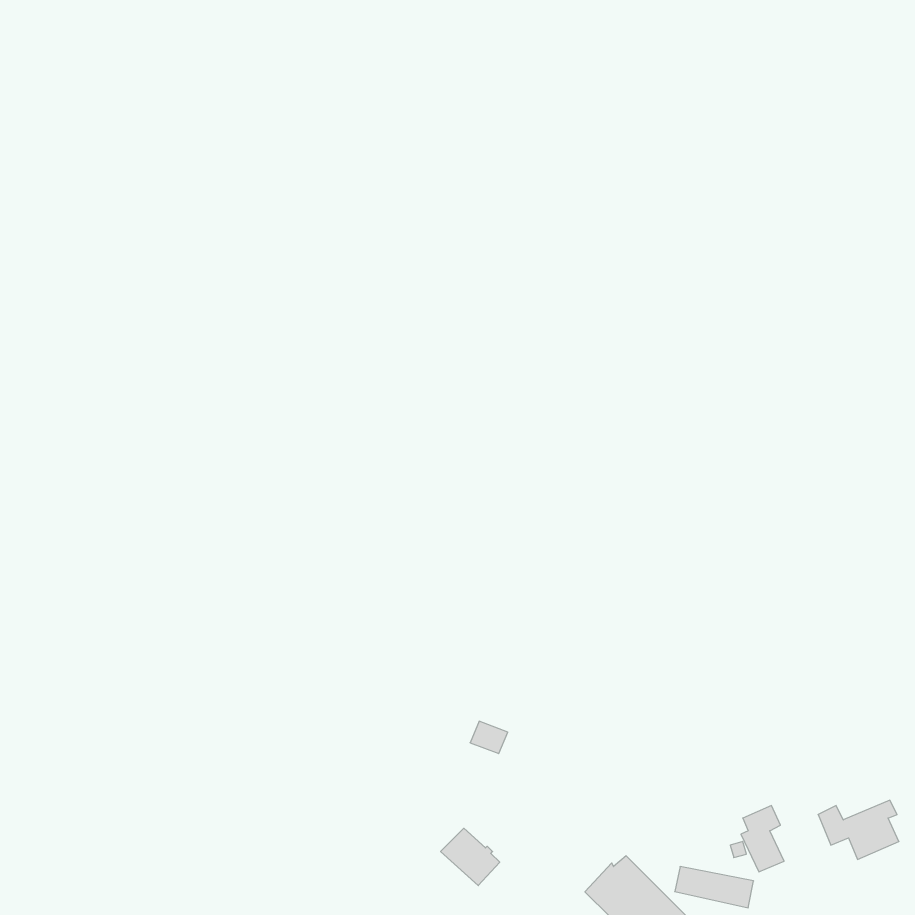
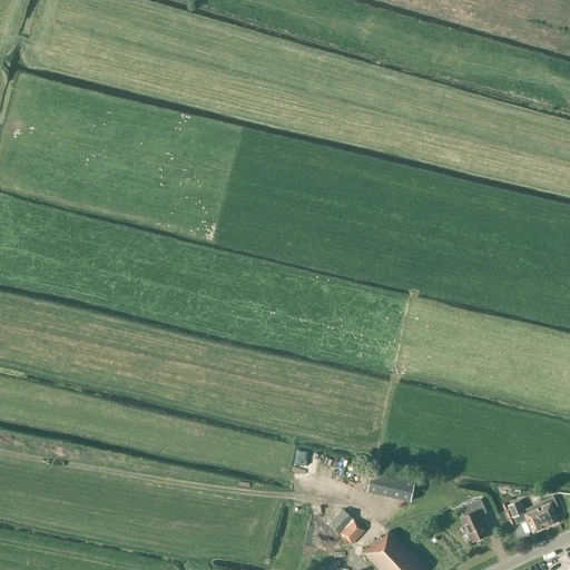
building: [441,828,500,886] -> [328,510,365,546]
building: [675,867,754,908] -> [367,475,416,501]

